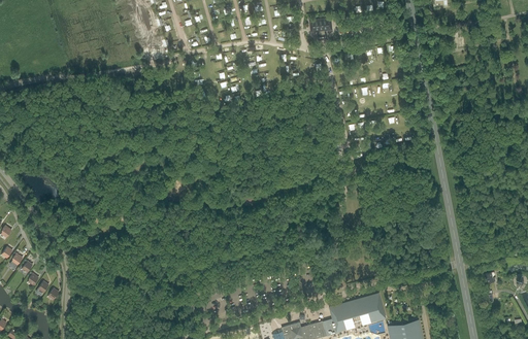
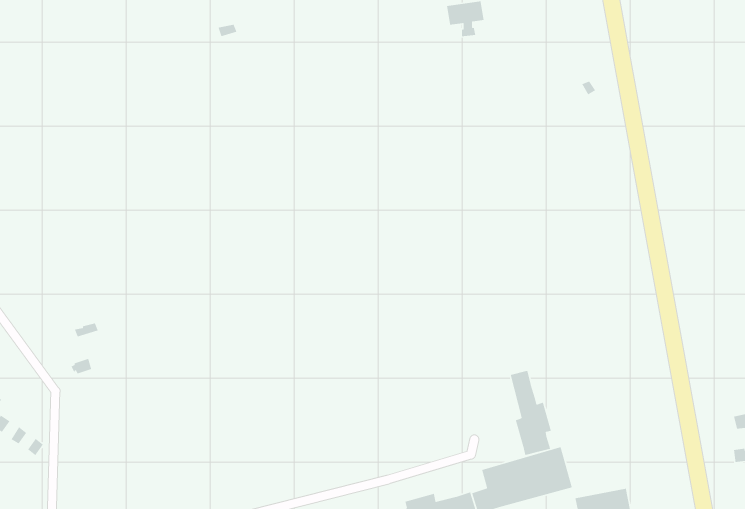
building: none -> [510,370,552,456]

